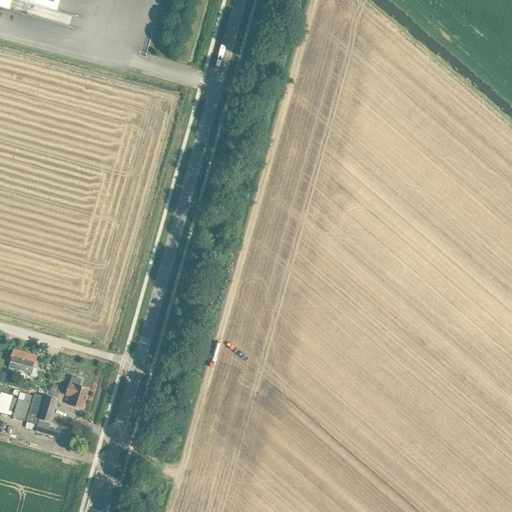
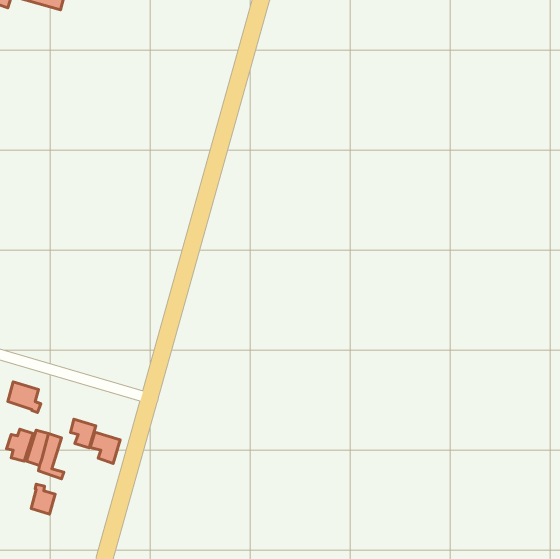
building: none -> [90,432,120,463]
building: none -> [31,484,55,514]

